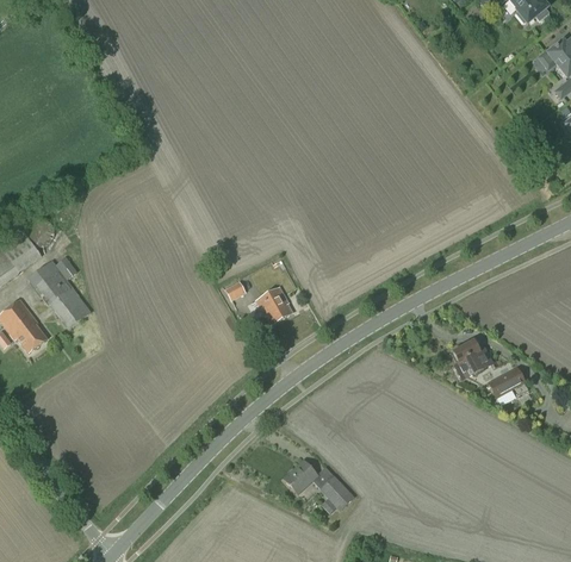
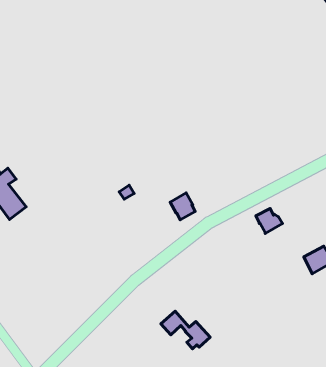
building: [256,285,292,323] -> [170,193,195,220]
building: [453,339,491,375] -> [256,208,283,233]

